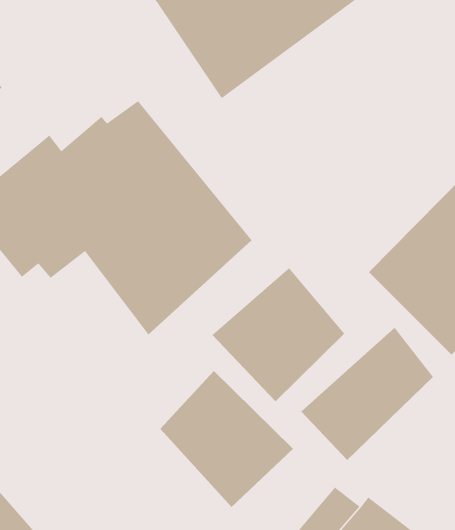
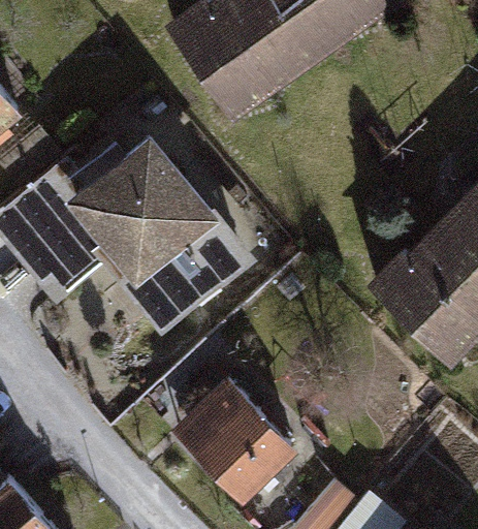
building: [212,267,345,402] -> none
building: [301,327,434,461] -> none

